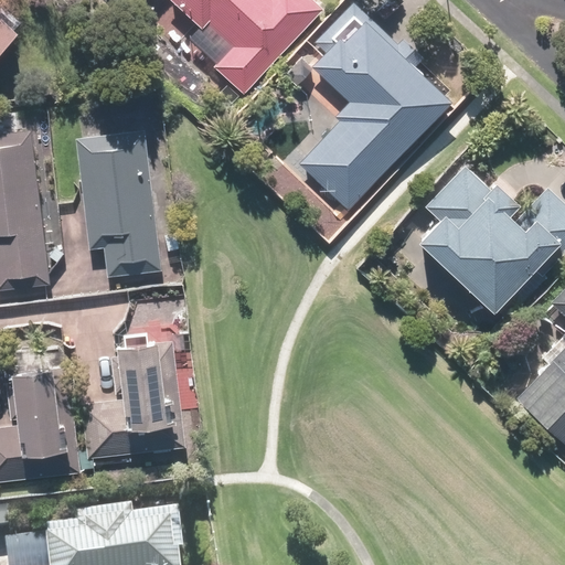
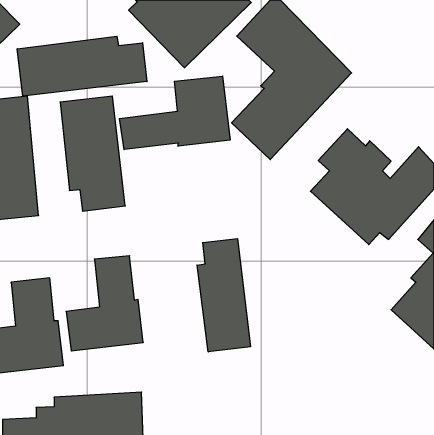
building: none -> [17,36,147,96]
building: none -> [119,76,230,150]
building: none -> [197,239,250,352]

